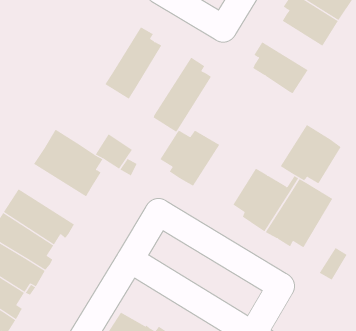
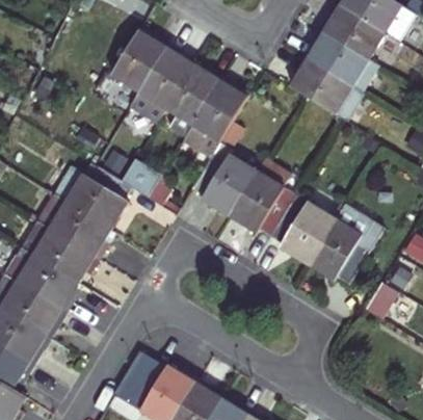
building: none -> [111,28,169,90]
building: none -> [302,35,369,89]
building: none -> [166,62,224,138]
building: [280,124,342,184] -> [228,172,295,237]
building: none -> [35,192,110,259]

